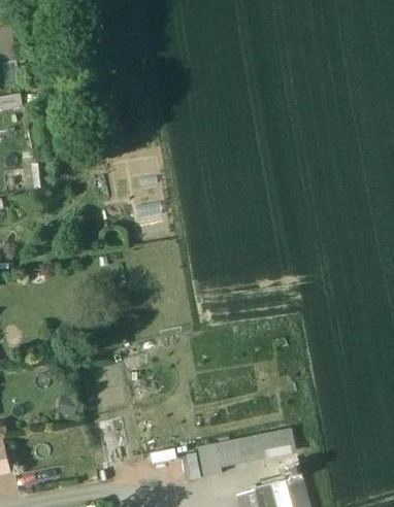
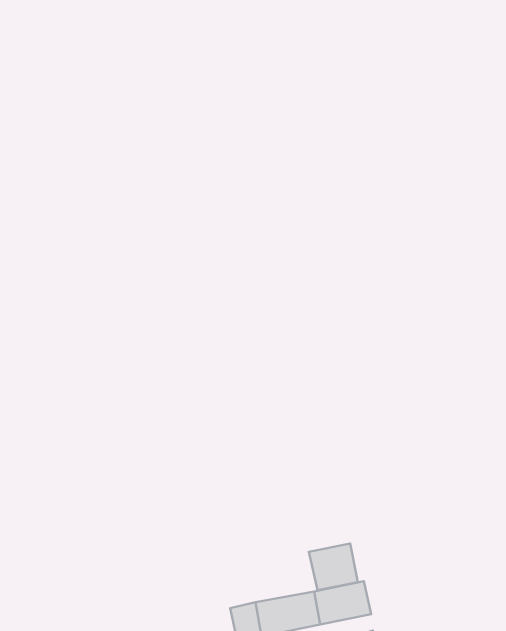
building: none -> [309,543,358,590]

